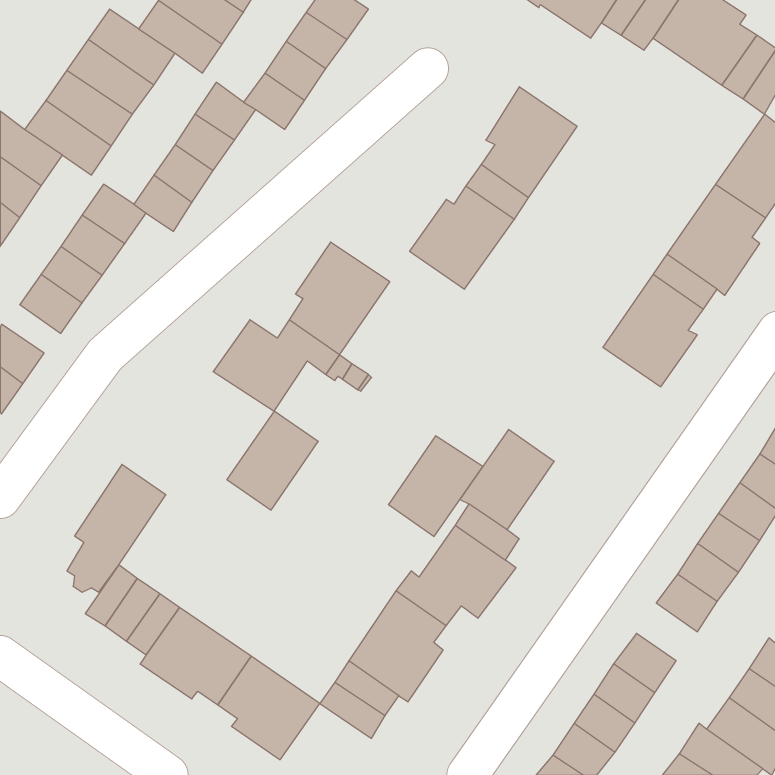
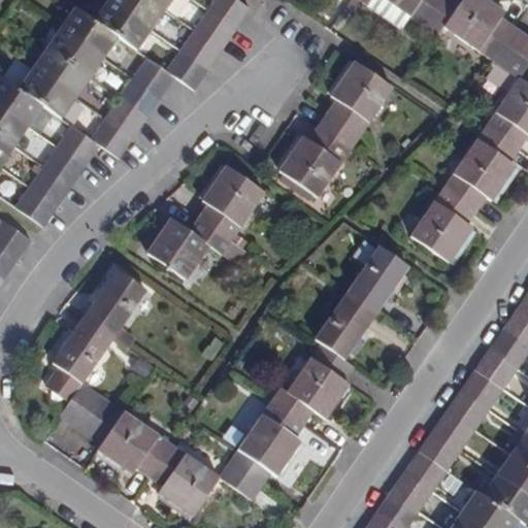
building: [227,411,318,510] -> [85,268,146,335]
building: [388,436,483,536] -> [346,244,410,312]
building: none -> [433,408,474,448]

